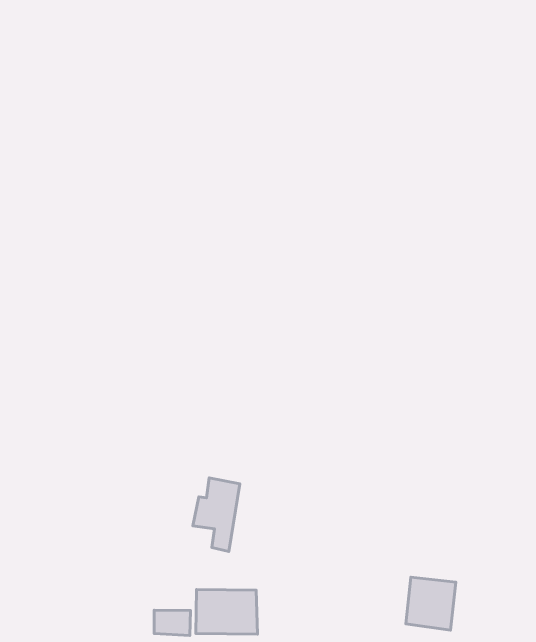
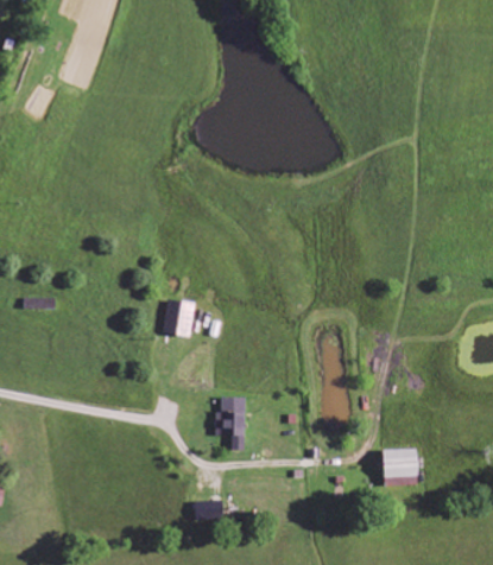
building: none -> [162,298,195,336]
building: [196,590,258,634] -> none

